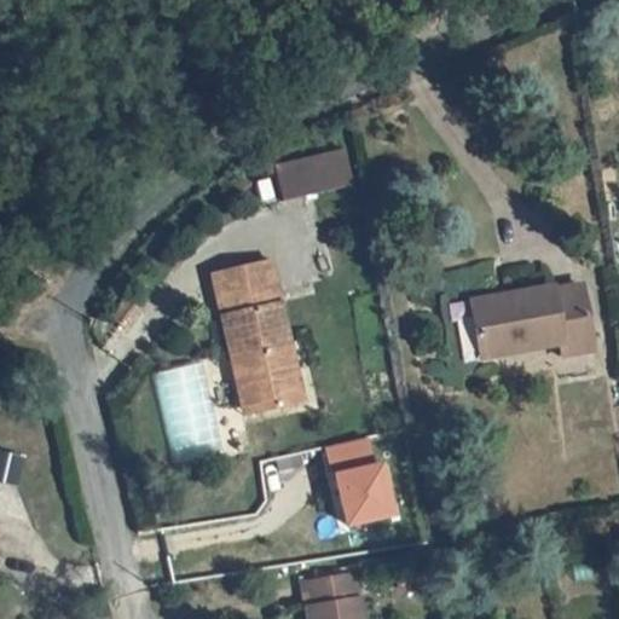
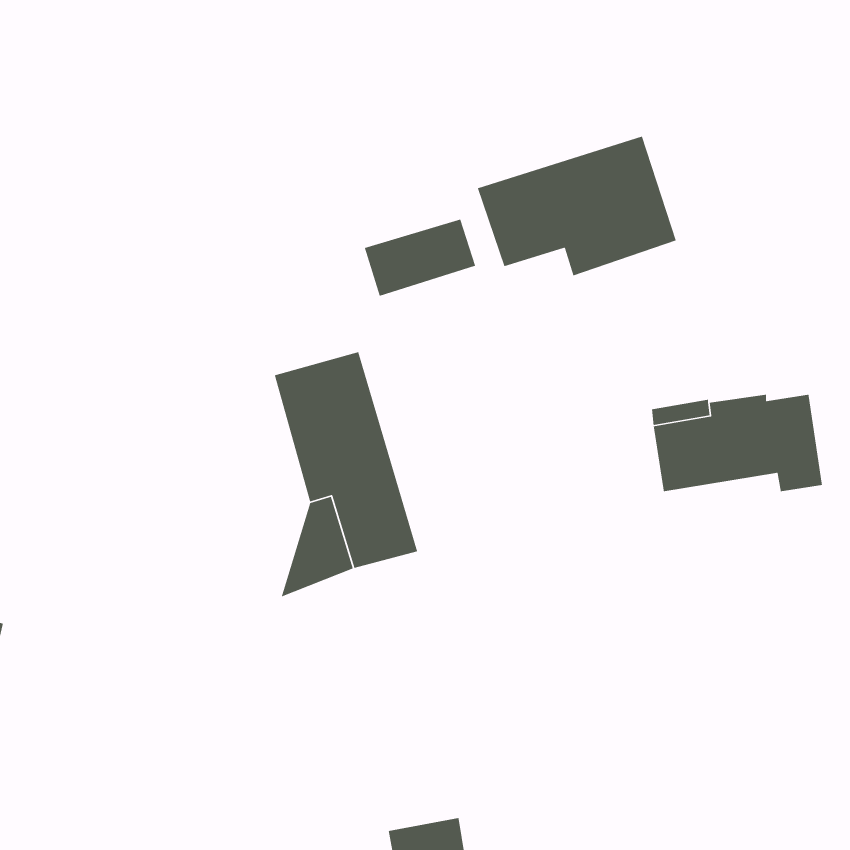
building: none -> [477,135,677,276]
building: [331,435,395,521] -> none

